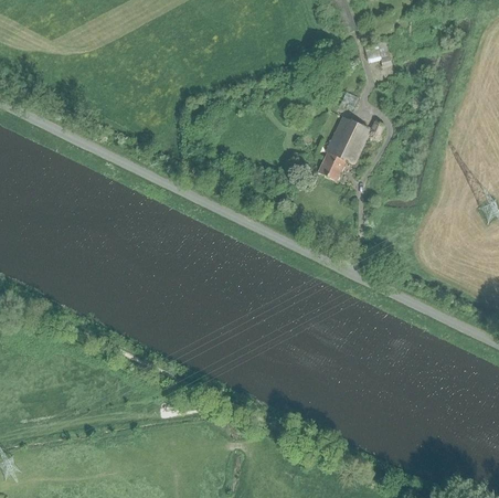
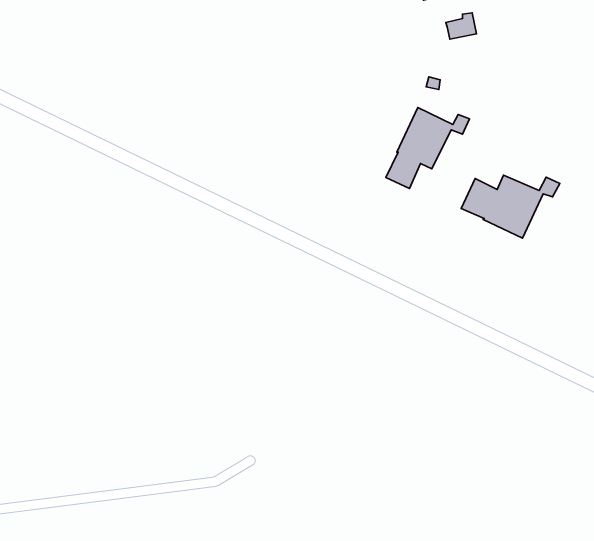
building: none -> [461,175,560,238]

